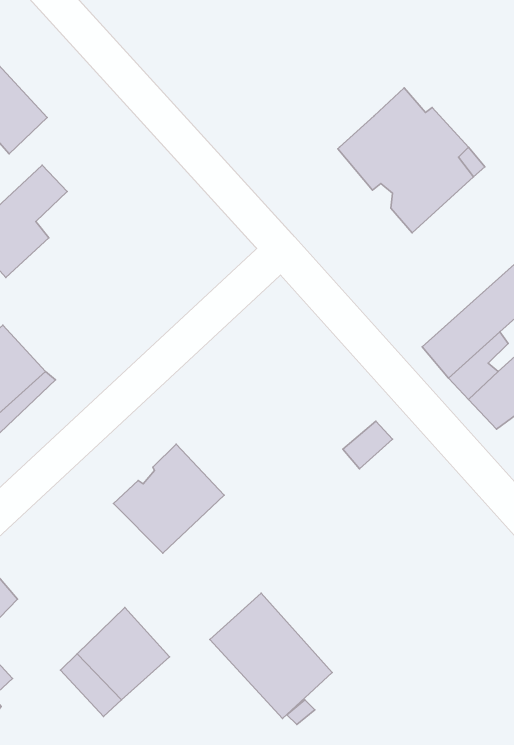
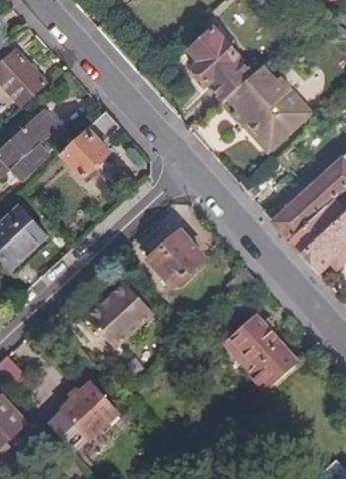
building: none -> [187,29,244,100]
building: none -> [60,110,118,179]
building: none -> [147,230,204,286]
building: [210,593,332,719] -> [222,314,296,390]

